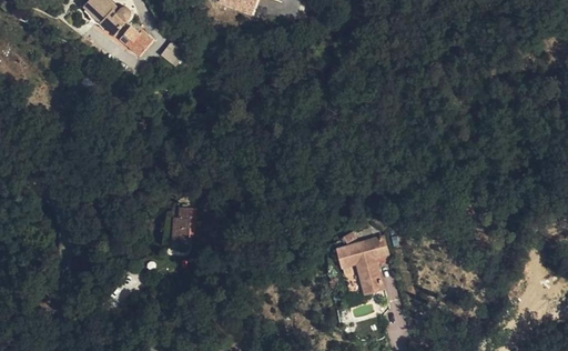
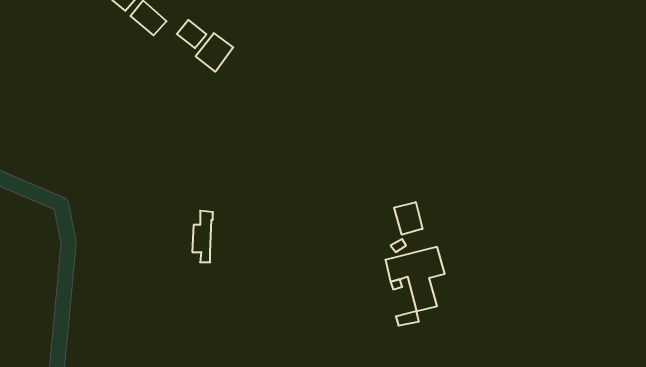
building: none -> [196,33,233,72]
building: none -> [394,202,423,235]

